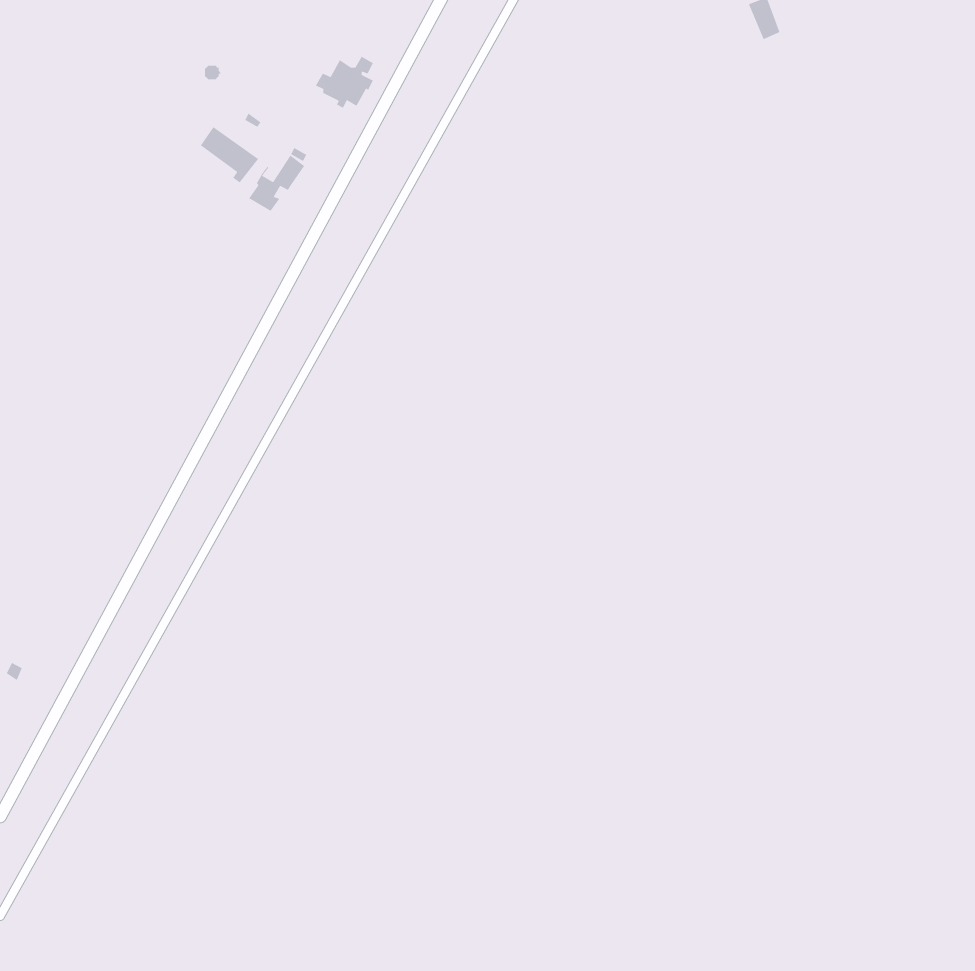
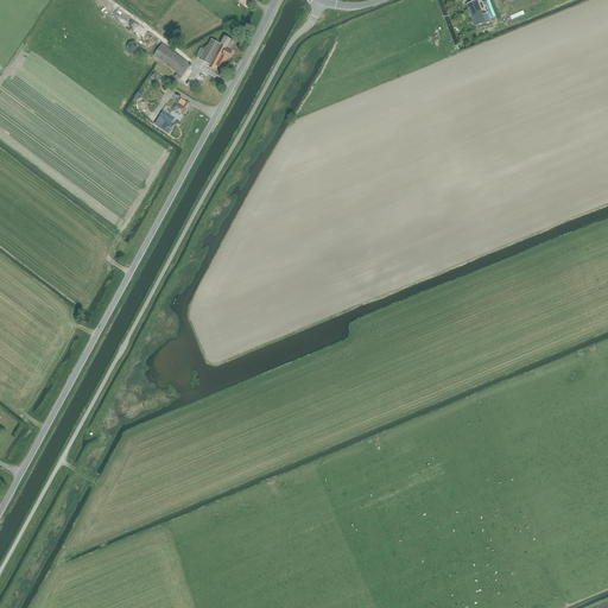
building: [200,126,259,184] -> [154,43,191,78]

